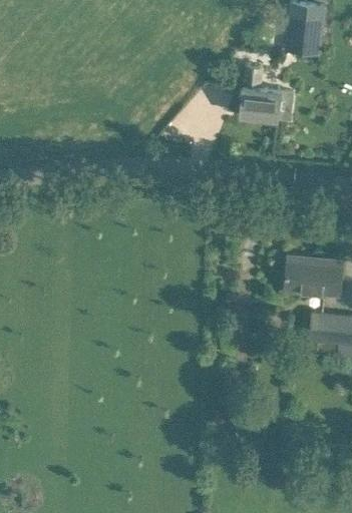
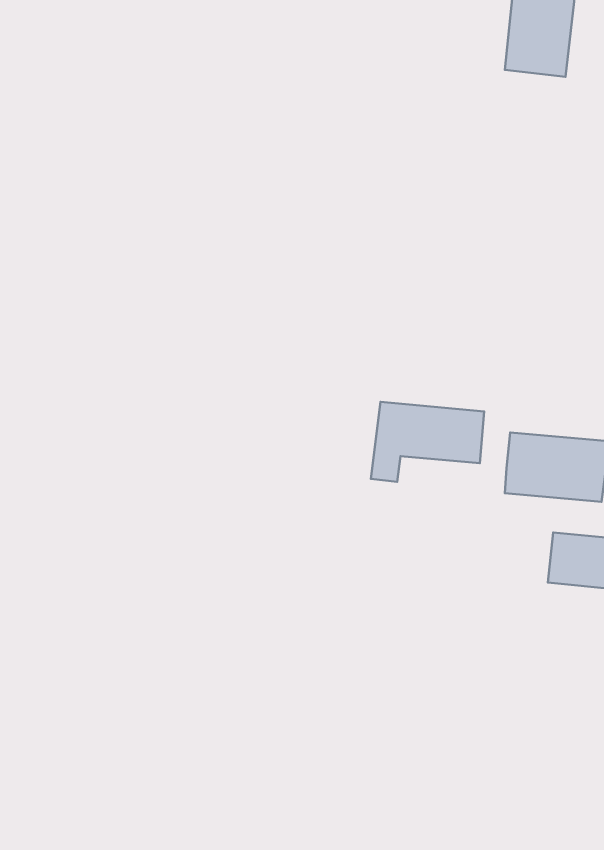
building: [240,67,293,121] -> none
building: none -> [371,402,484,482]

